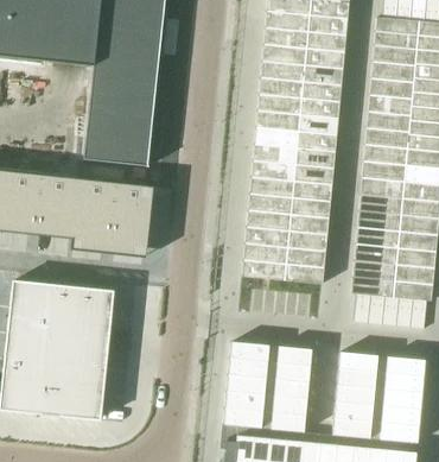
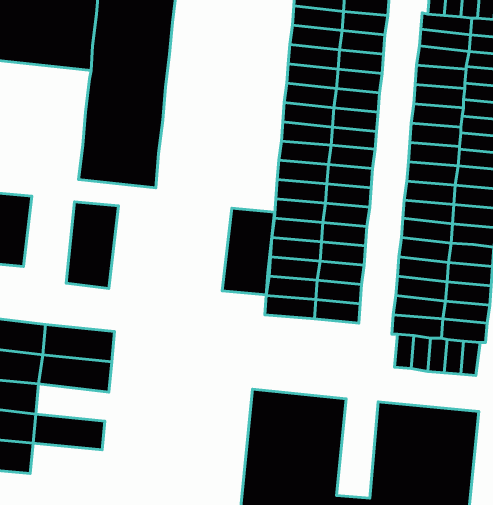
building: [34,173,78,248] -> none
building: [108,182,153,257] -> [222,208,275,295]
building: [45,335,108,367] -> none
building: [40,386,102,418] -> none

